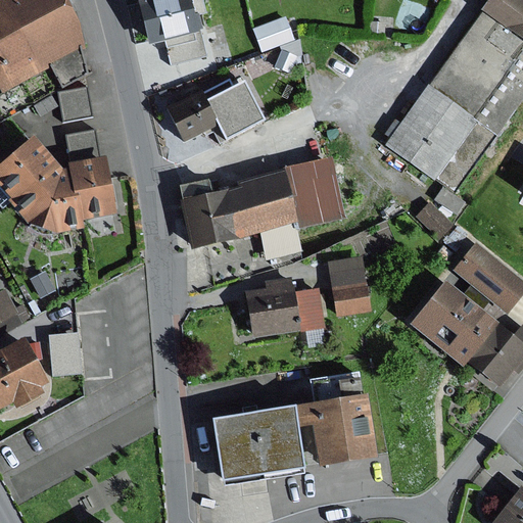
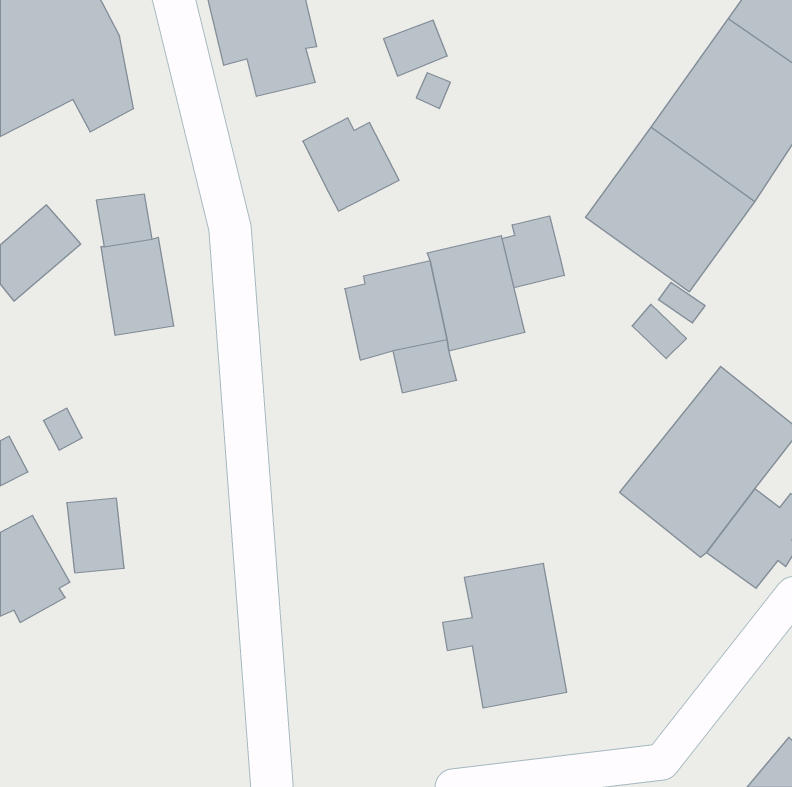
building: [59,85,93,120] -> none
building: [164,91,217,142] -> none
building: none -> [502,216,564,288]
building: [6,160,80,233] -> none
building: [178,180,238,247] -> none
building: [328,254,371,315] -> none
building: [245,277,325,337] -> none
building: [211,410,301,482] -> none

